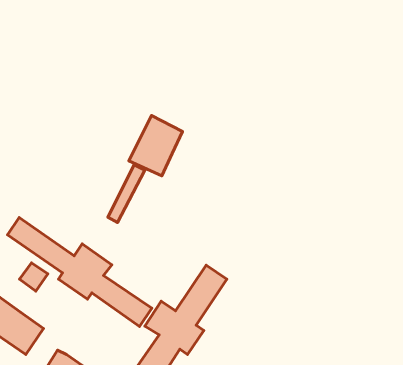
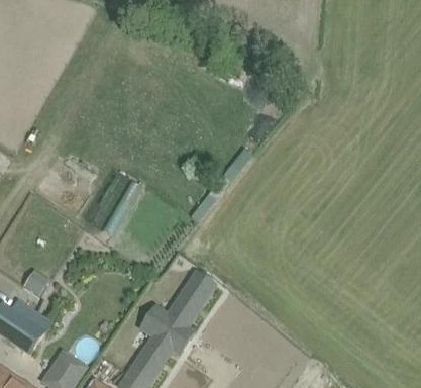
building: [129,116,183,176] -> none
building: [7,218,152,326] -> none

